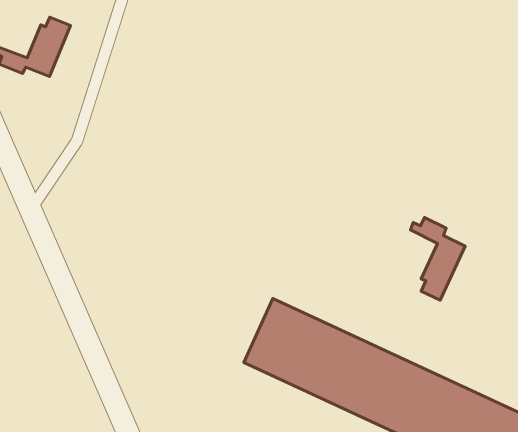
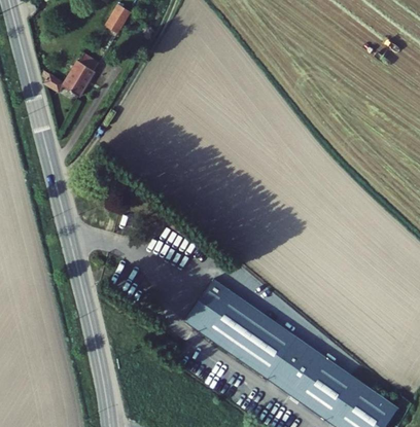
building: [411,218,465,300] -> none

